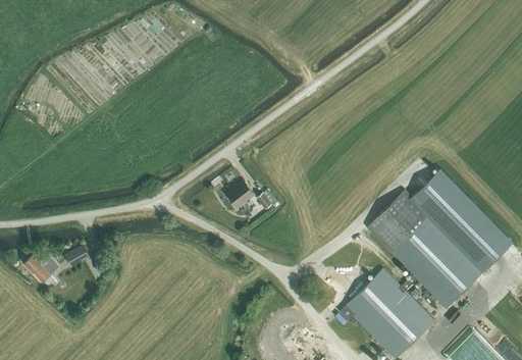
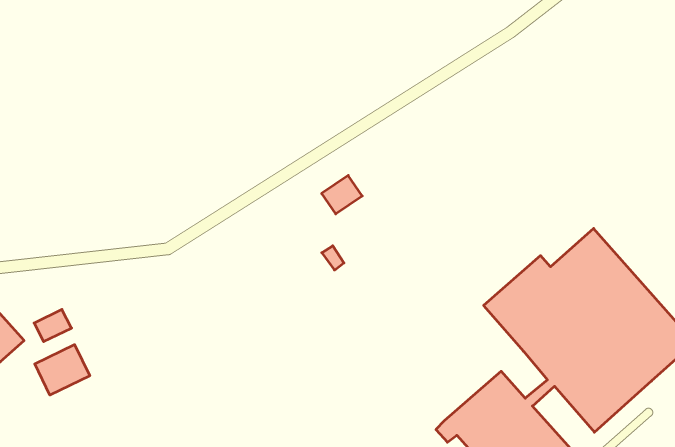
building: [227,181,255,207] -> [322,175,362,214]
building: none -> [35,345,90,395]

